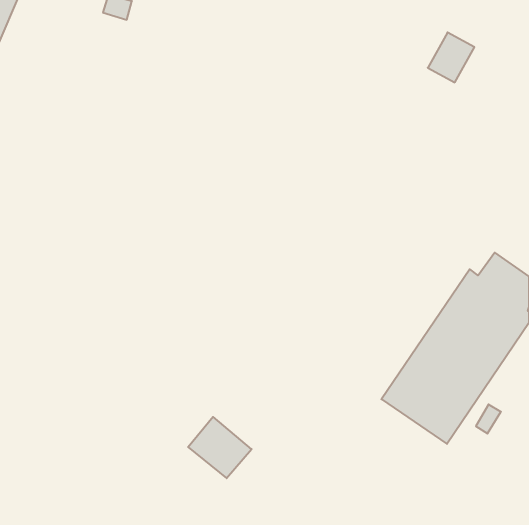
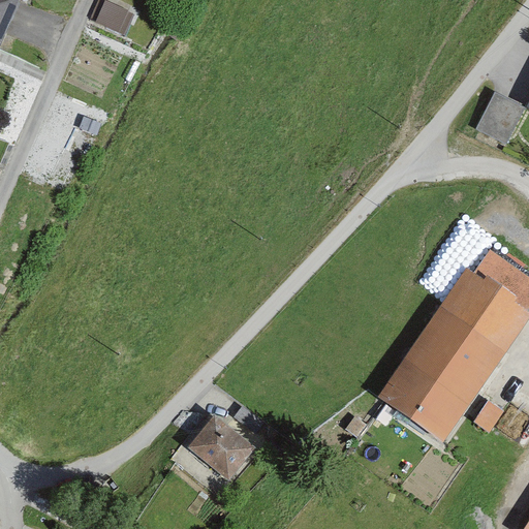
building: [428,32,474,82] -> [475,93,522,143]

